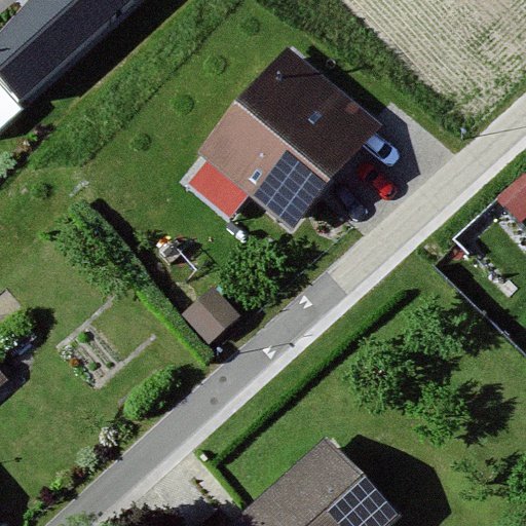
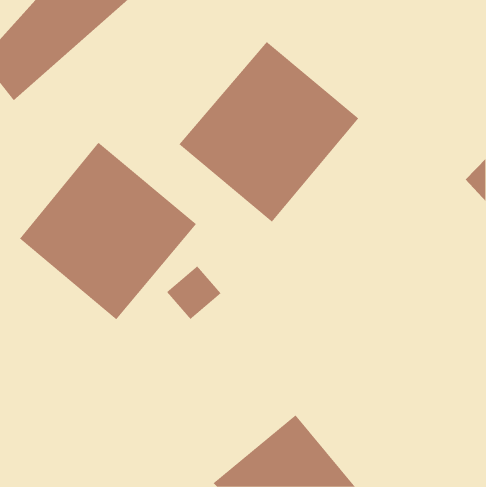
building: none -> [19,142,197,320]

